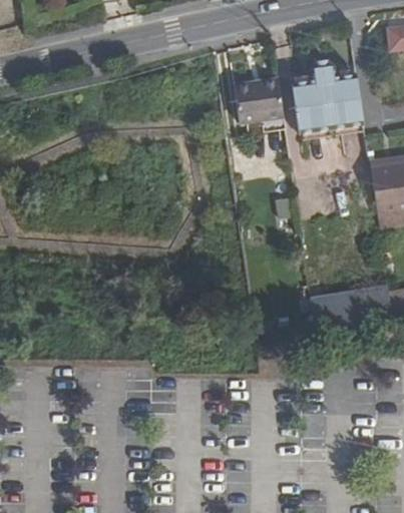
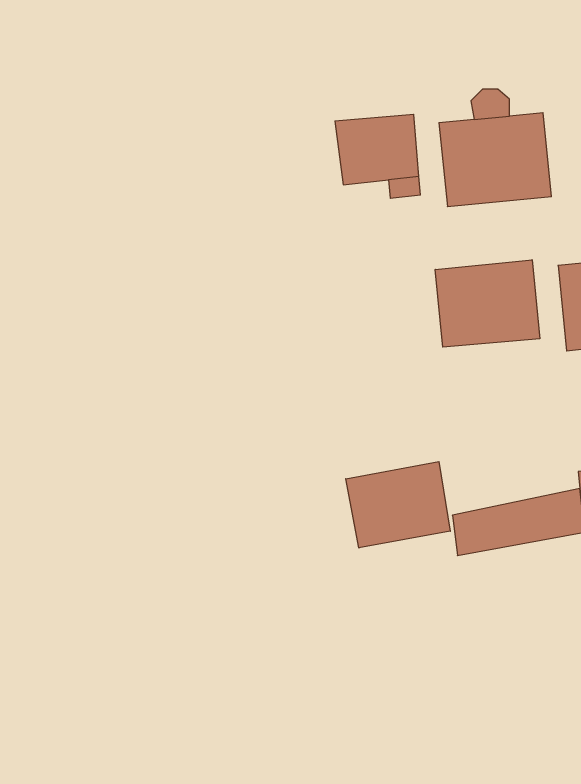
building: none -> [435,260,540,347]
building: none -> [346,462,450,548]

